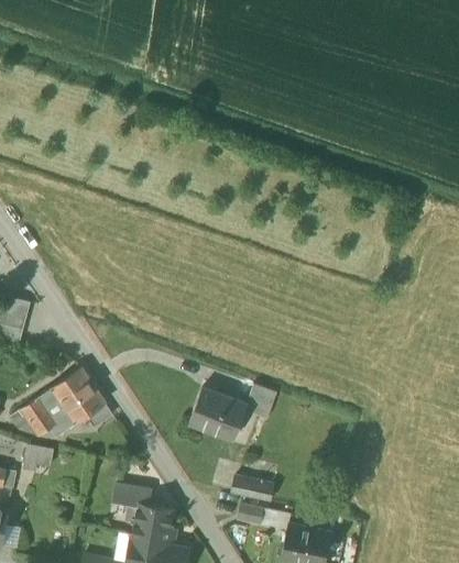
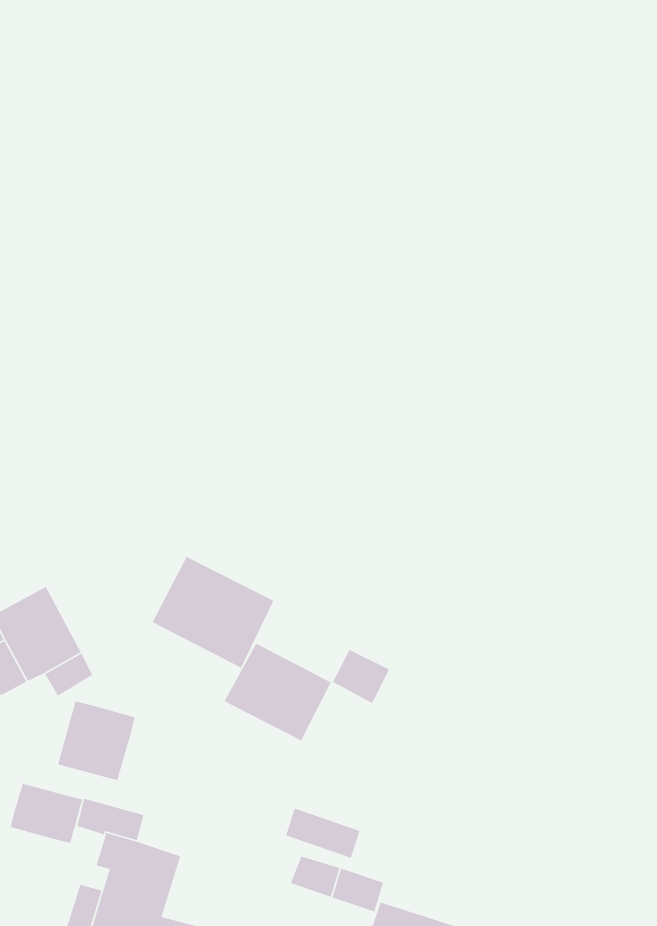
building: none -> [152,556,275,669]
building: none -> [57,701,135,781]
building: none -> [10,783,83,844]

